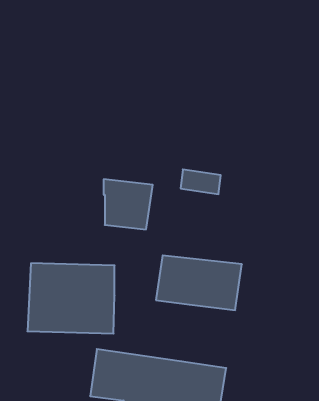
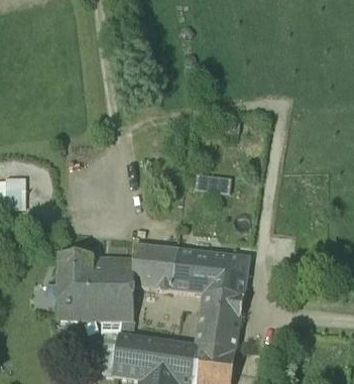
building: [104,179,153,229] -> [133,244,178,289]
building: none -> [195,293,243,351]

